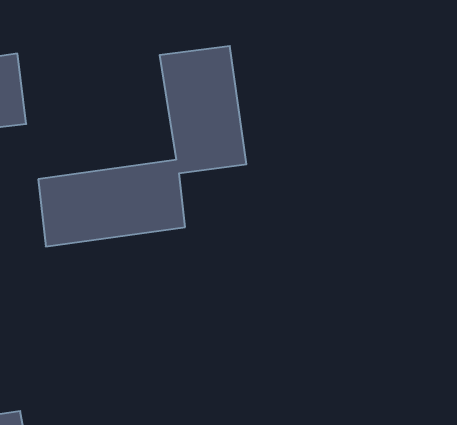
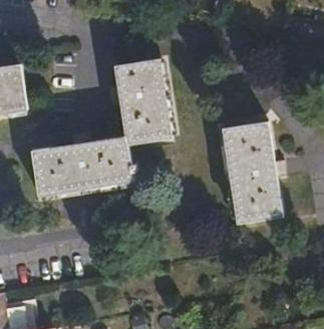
building: none -> [222,123,281,223]

